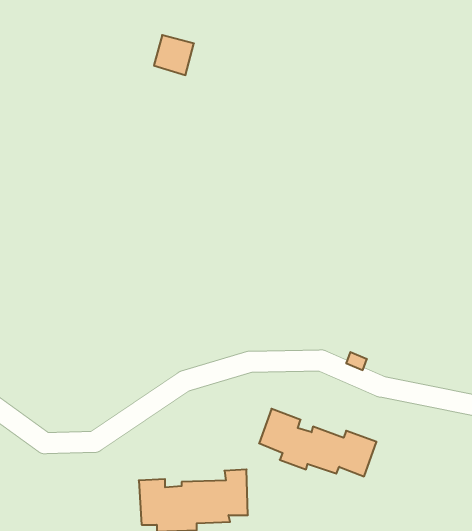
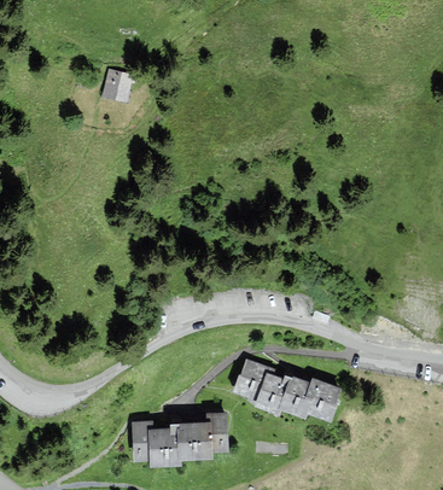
building: [154,35,194,75] -> [101,71,136,106]

